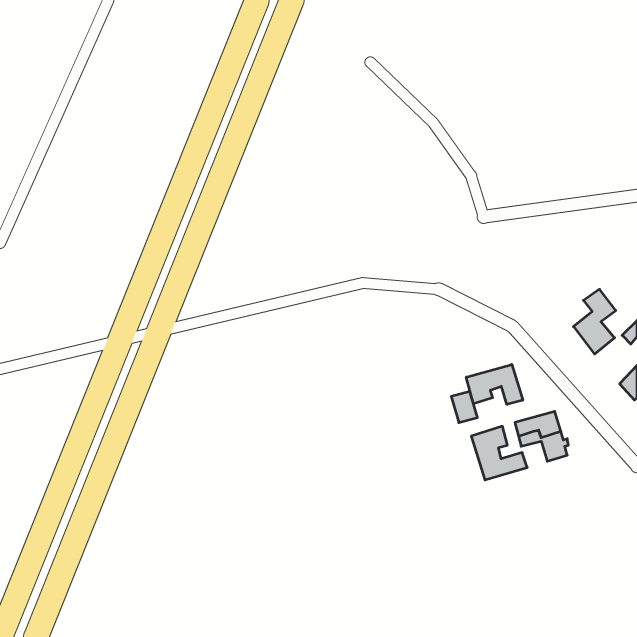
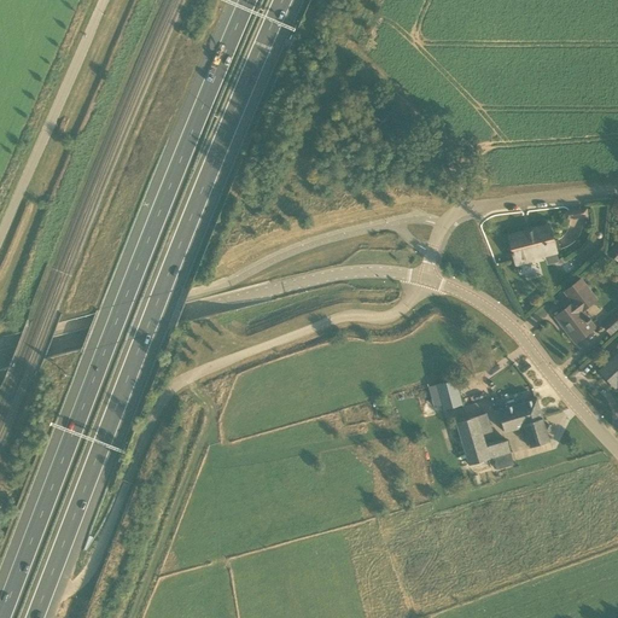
building: none -> [509,225,560,262]
building: [466,364,523,404] -> none

